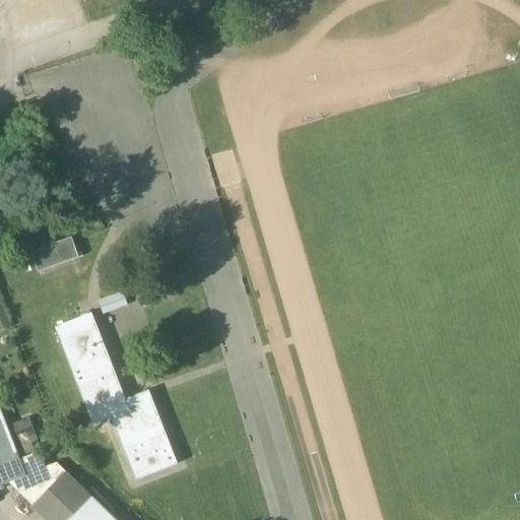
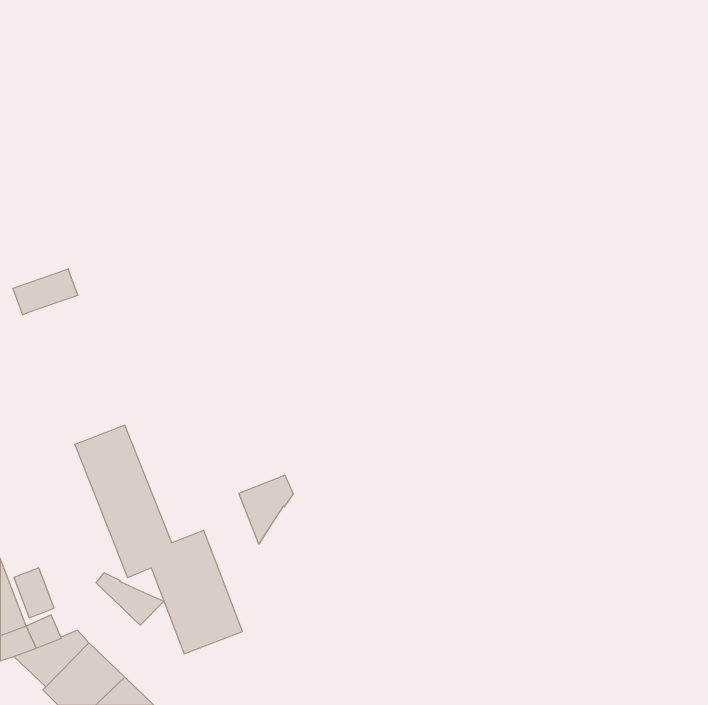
building: [31,238,79,271] -> [13,269,78,315]
building: none -> [239,475,293,544]
building: none -> [96,573,164,625]

